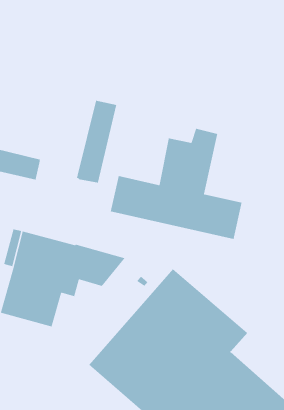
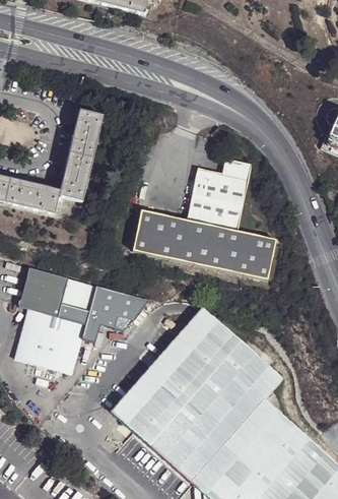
building: [76,100,117,184] -> [59,110,104,200]

